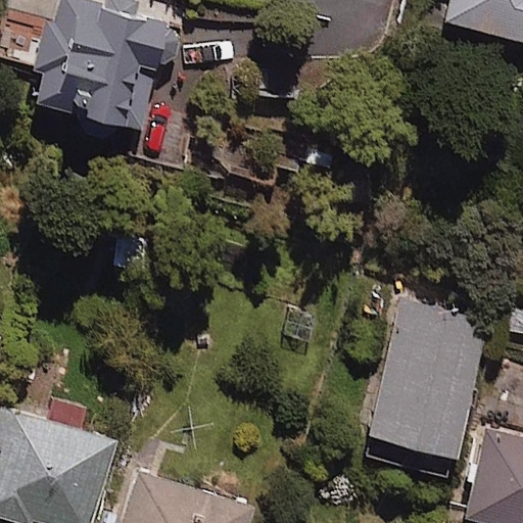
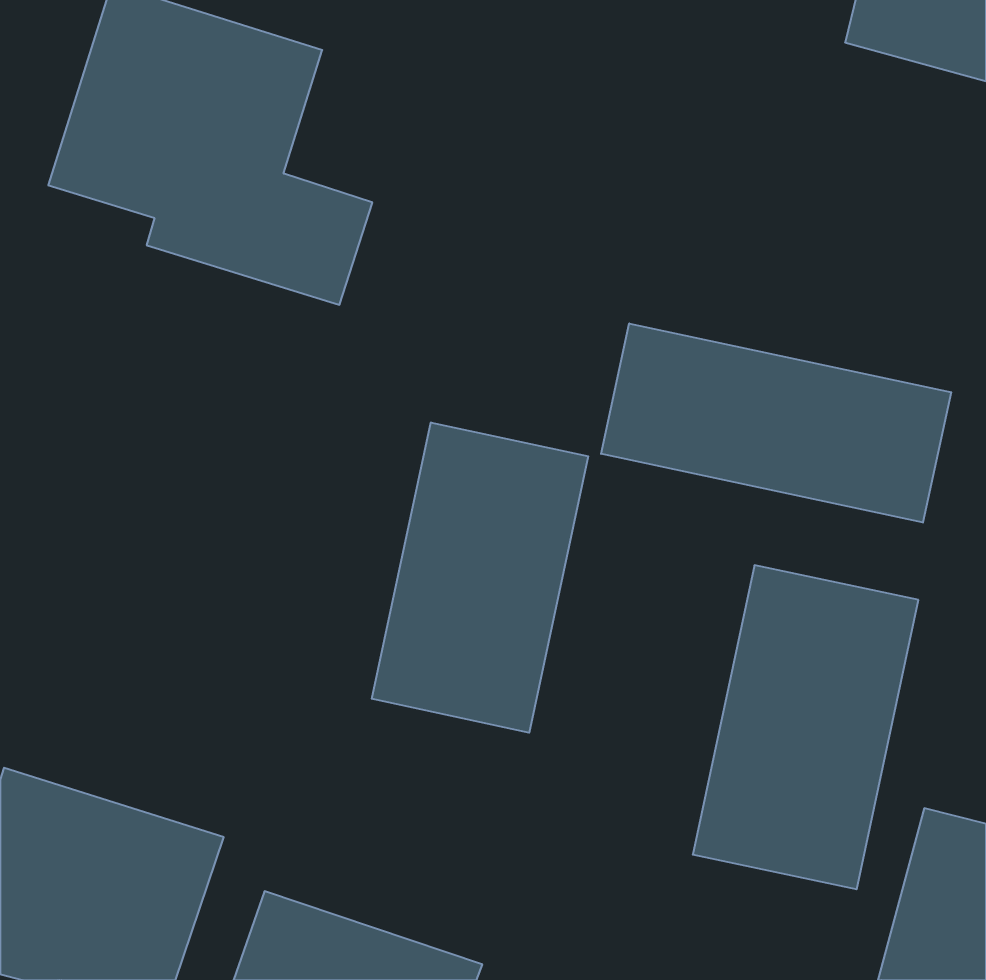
building: none -> [601,323,951,523]
building: none -> [372,422,588,733]

